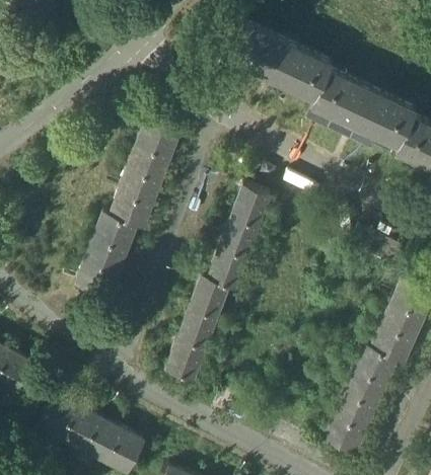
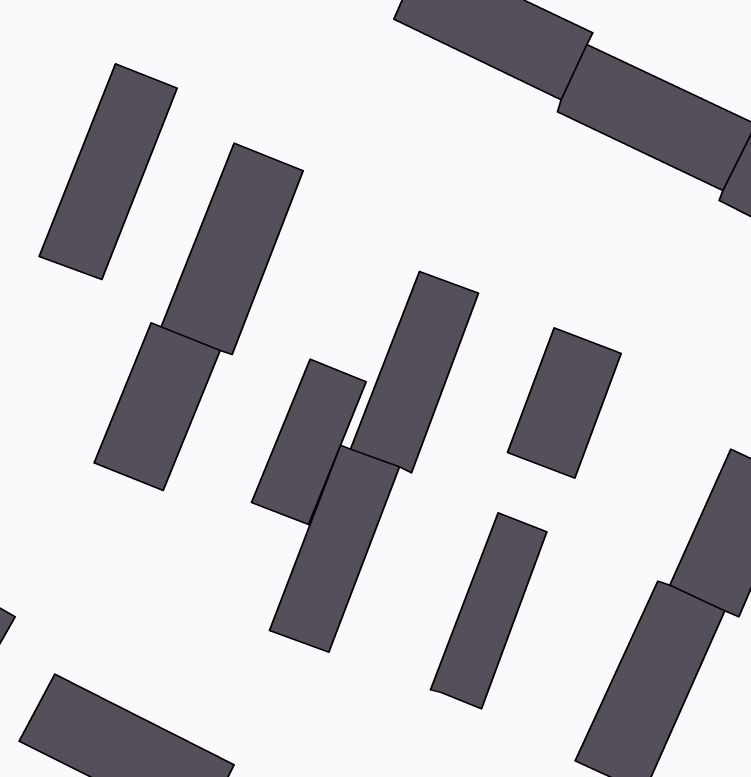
building: none -> [39,64,177,280]
building: none -> [508,328,621,478]
building: none -> [252,359,366,524]
building: none -> [430,513,547,709]

